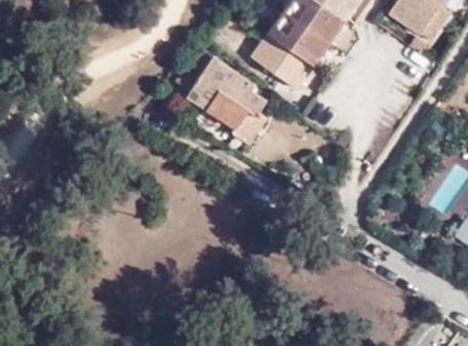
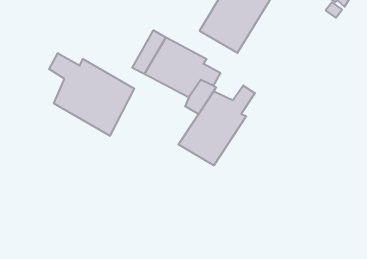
building: none -> [49,53,134,136]
building: none -> [178,85,255,166]

